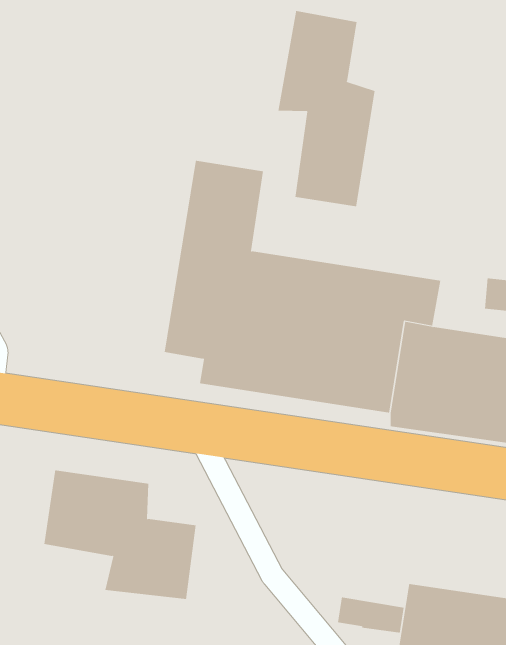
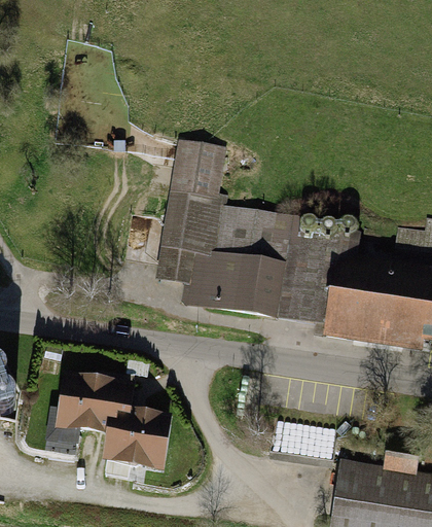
building: [278,10,375,207] -> none
building: [337,597,405,633] -> [286,424,337,452]

